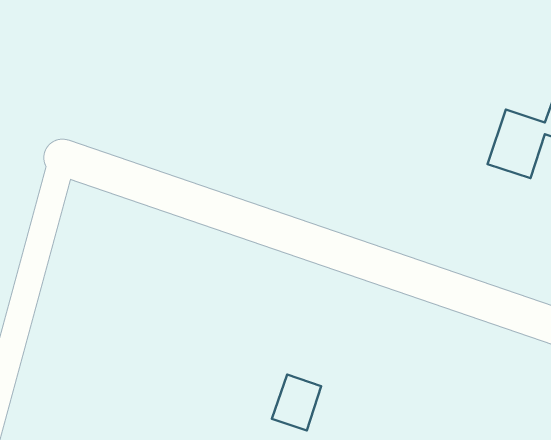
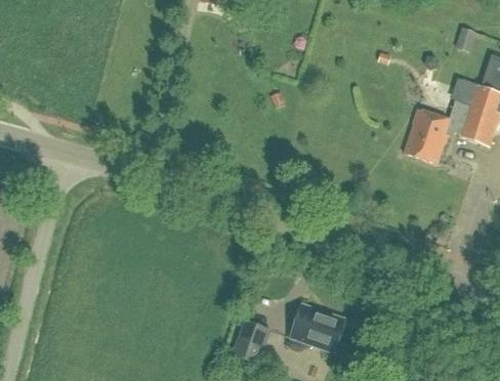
building: none -> [289,302,344,348]

